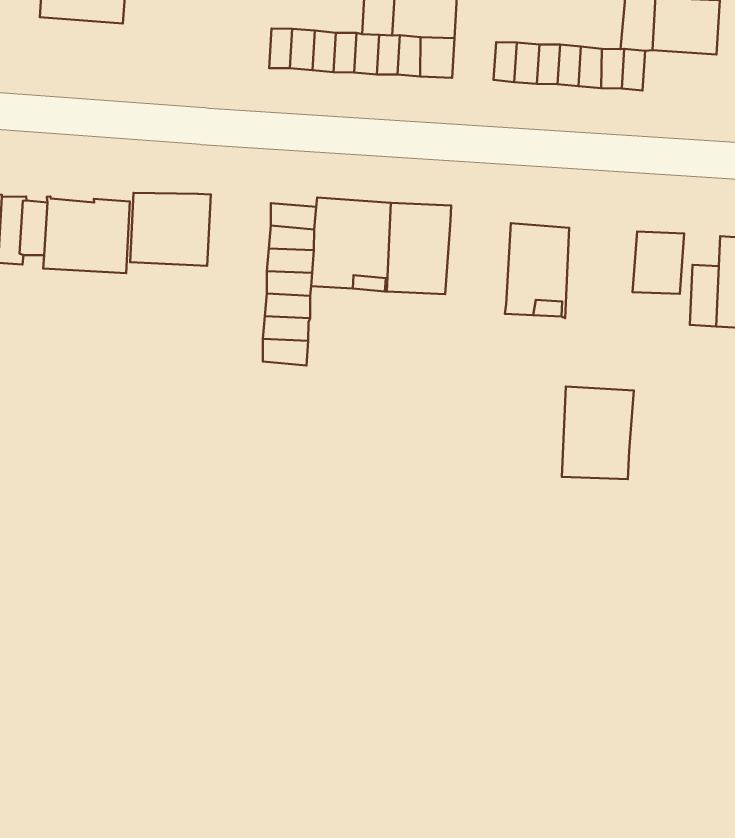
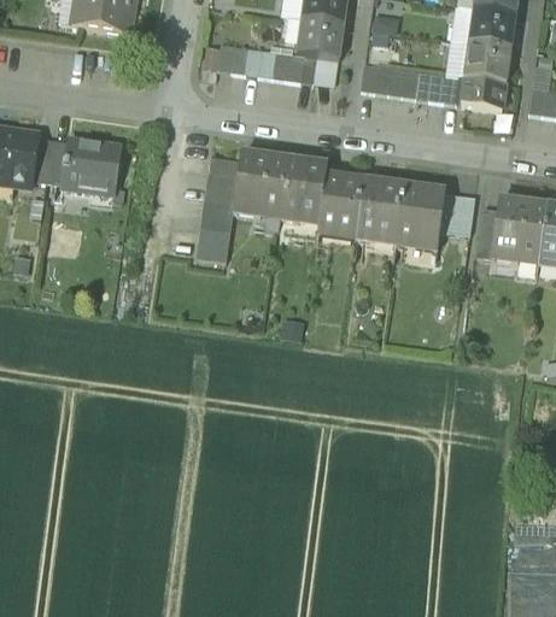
building: none -> [462,77,507,110]
building: [130,193,211,266] -> none
building: none -> [320,176,365,233]
building: [562,387,634,479] -> [396,187,446,249]

